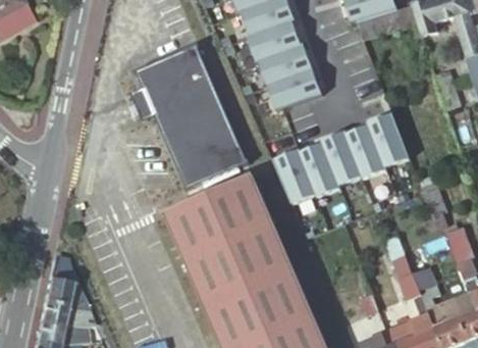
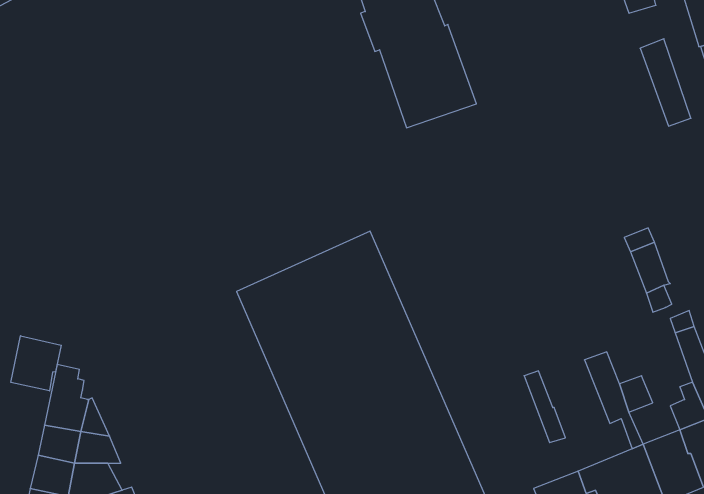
building: [135,45,247,188] -> none
building: [274,113,408,203] -> none
building: none -> [11,336,61,391]

